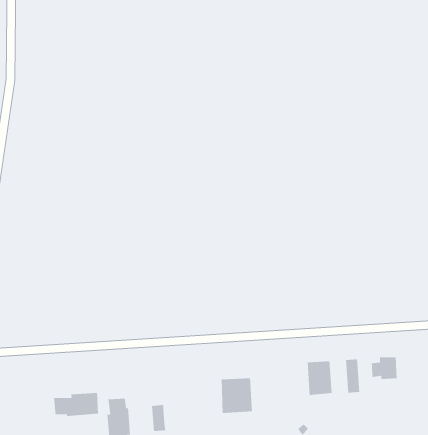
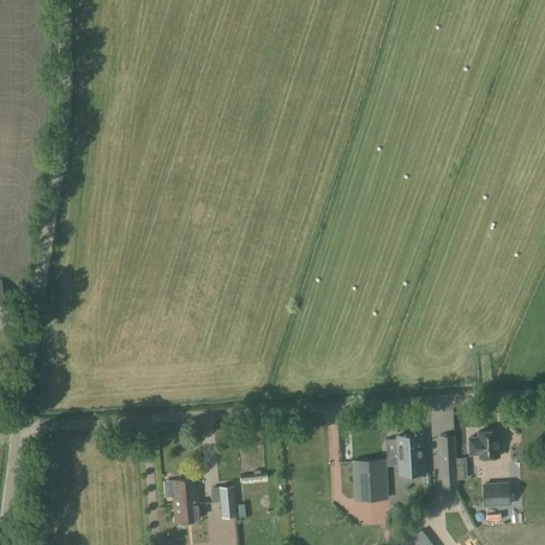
building: [221,378,253,414] -> [352,460,388,501]
building: [53,392,99,417] -> none
building: none -> [483,484,510,505]

